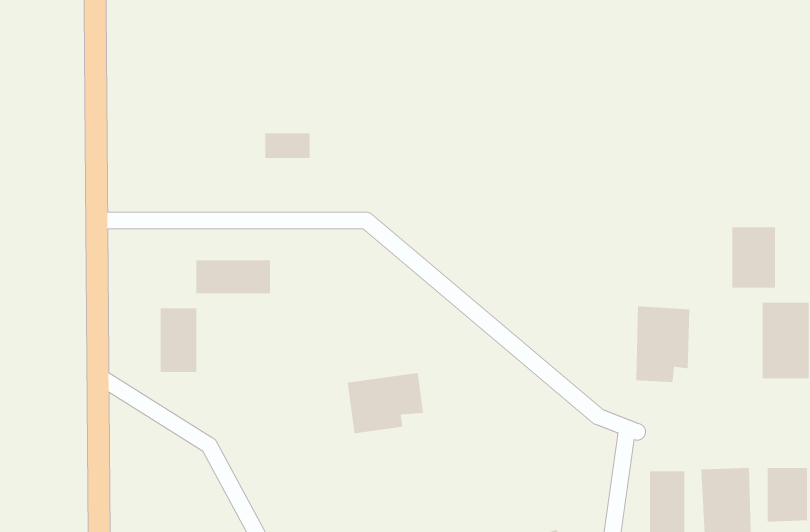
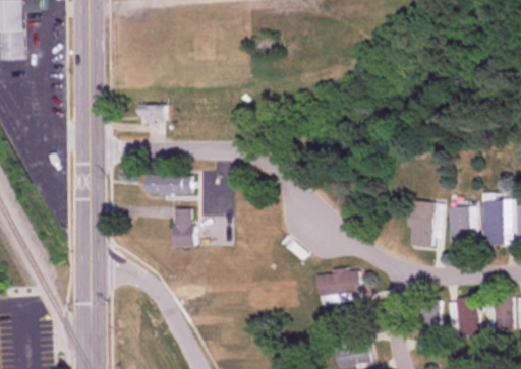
building: [264,133,310,158] -> [136,105,164,120]
building: [732,227,776,288] -> [451,207,477,244]
building: [160,308,197,373] -> [172,208,194,247]
building: [347,372,424,434] -> [316,268,362,305]

